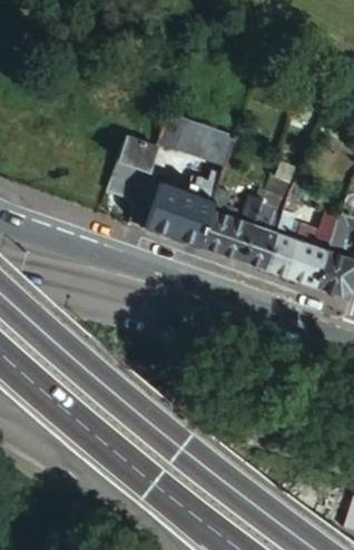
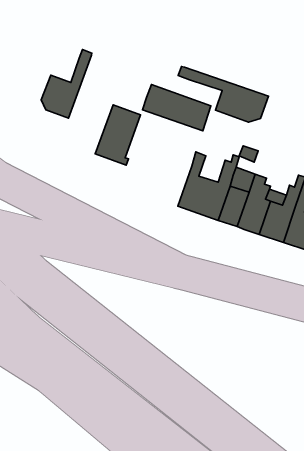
building: none -> [41,49,92,118]
building: none -> [178,67,268,122]
building: [145,183,214,247] -> none

